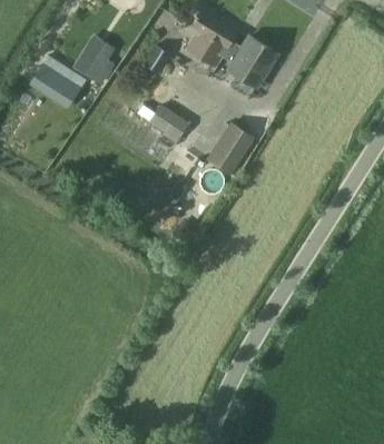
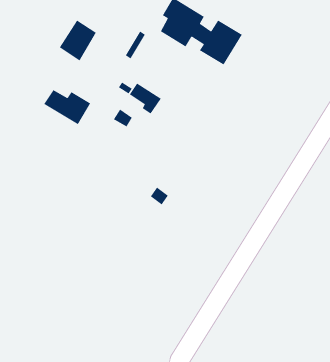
building: [31,66,85,106] -> [43,89,91,125]
building: [209,125,254,174] -> none

